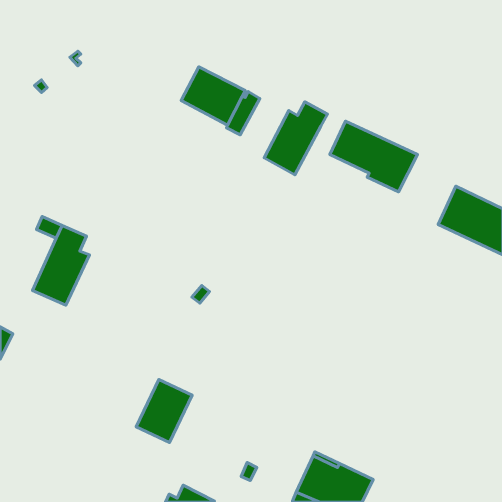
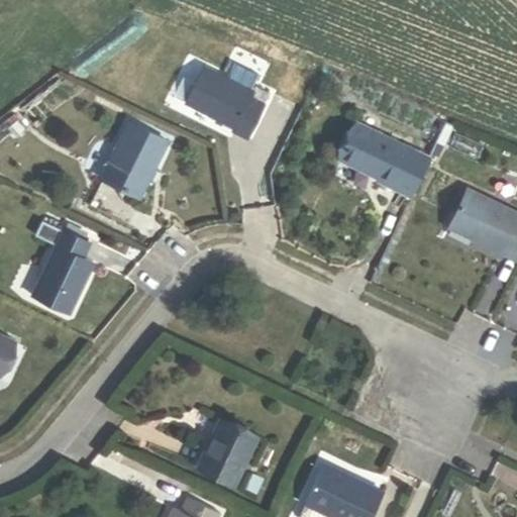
building: [264,102,327,175] -> none
building: none -> [101,123,168,199]
building: [136,379,192,442] -> [199,420,256,485]

